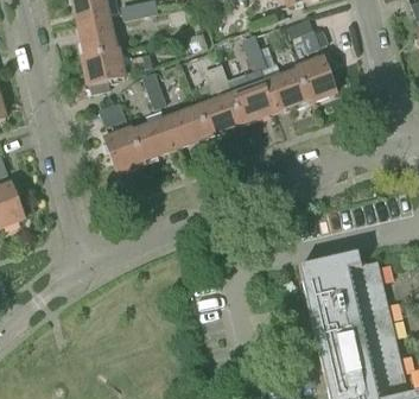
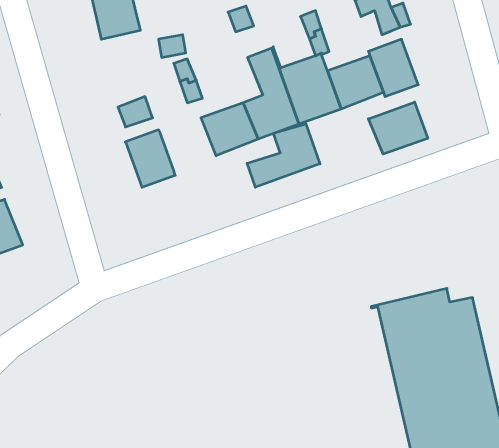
building: [82,50,125,84] -> none
building: none -> [368,102,428,154]
building: [132,119,176,160] -> none
building: none -> [247,124,320,187]

